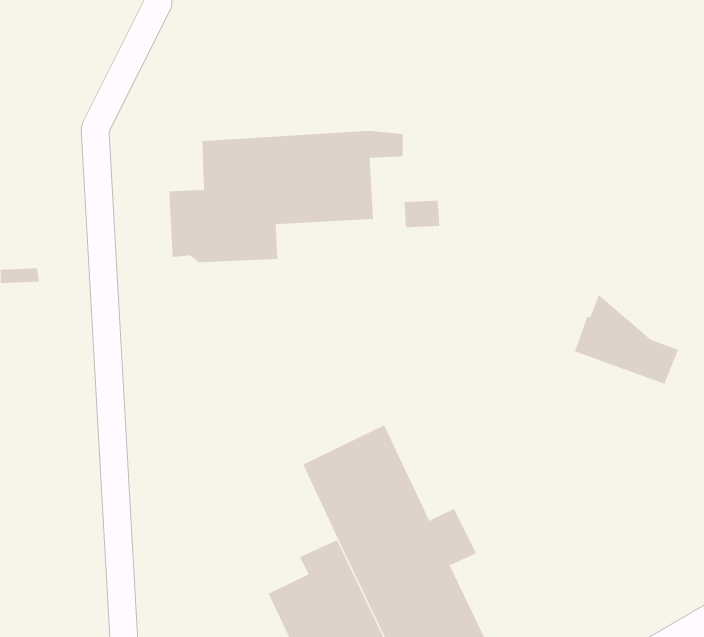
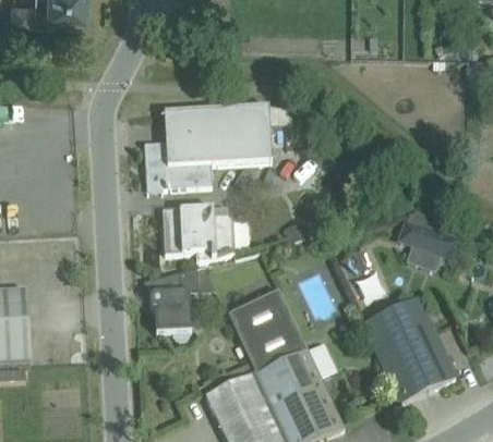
building: none -> [163,207,235,258]
building: none -> [149,267,199,340]
building: none -> [363,298,456,402]

